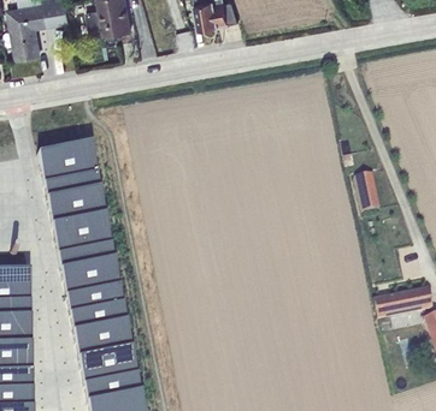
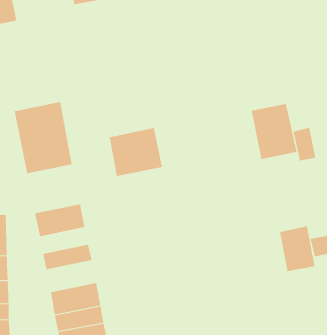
building: none -> [251,103,297,160]
building: [52,215,113,270] -> [109,128,163,177]
building: none -> [280,226,315,272]
building: [66,286,122,316] -> none
building: [73,323,131,359] -> none

